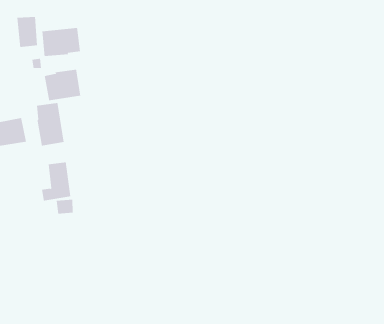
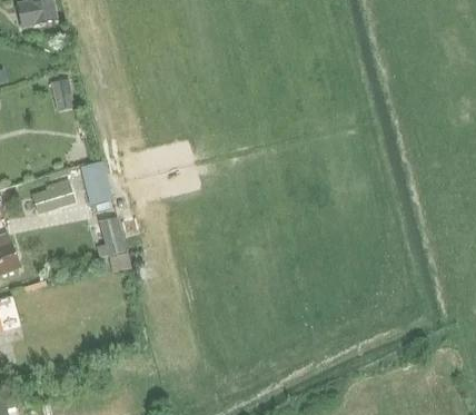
building: [42,27,81,57] -> none
building: [44,69,81,101] -> none

